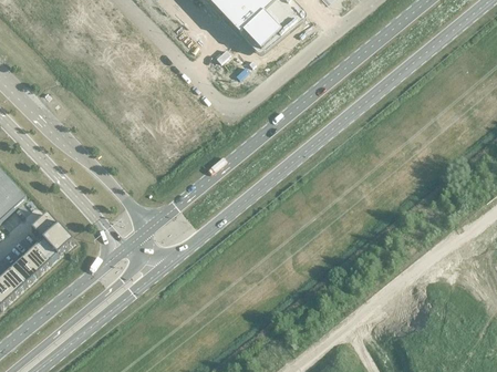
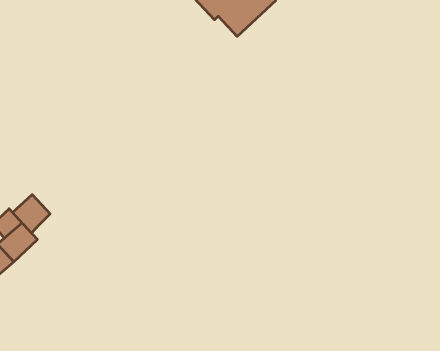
building: none -> [12,195,50,233]

